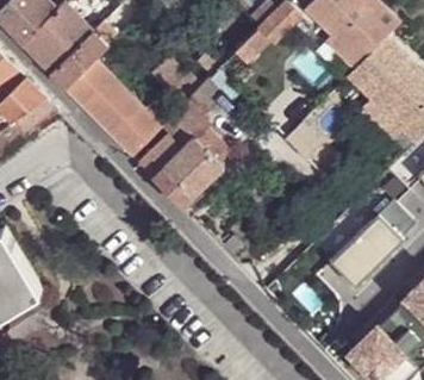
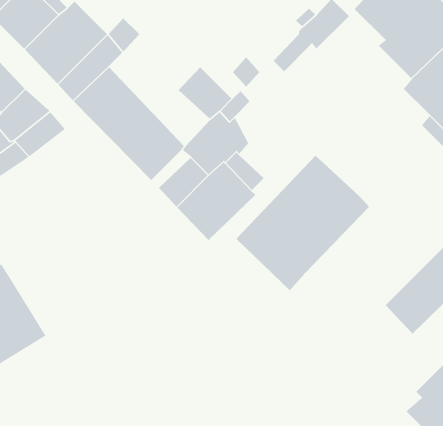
building: none -> [235,155,370,291]

